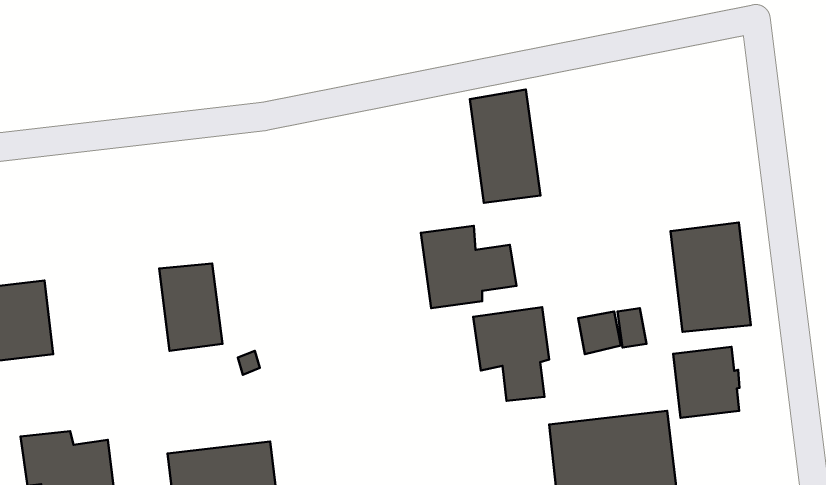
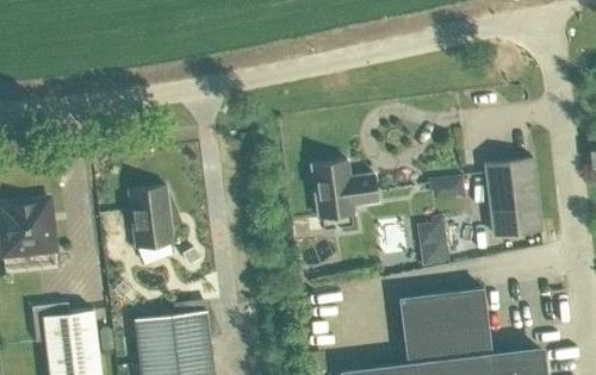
building: [470,90,540,203] -> none
building: [473,307,549,401] -> none
building: [673,347,739,418] -> none

